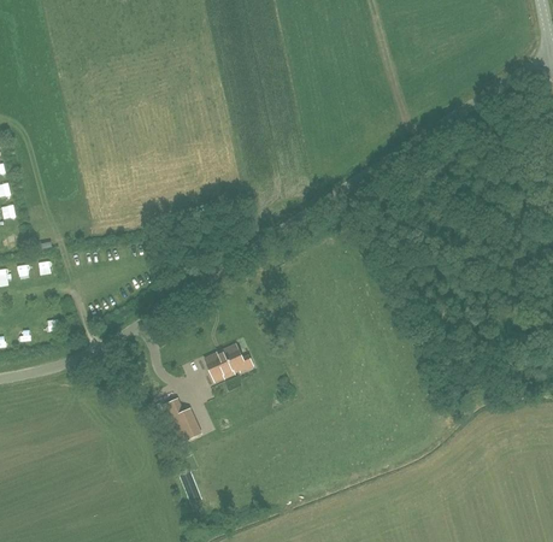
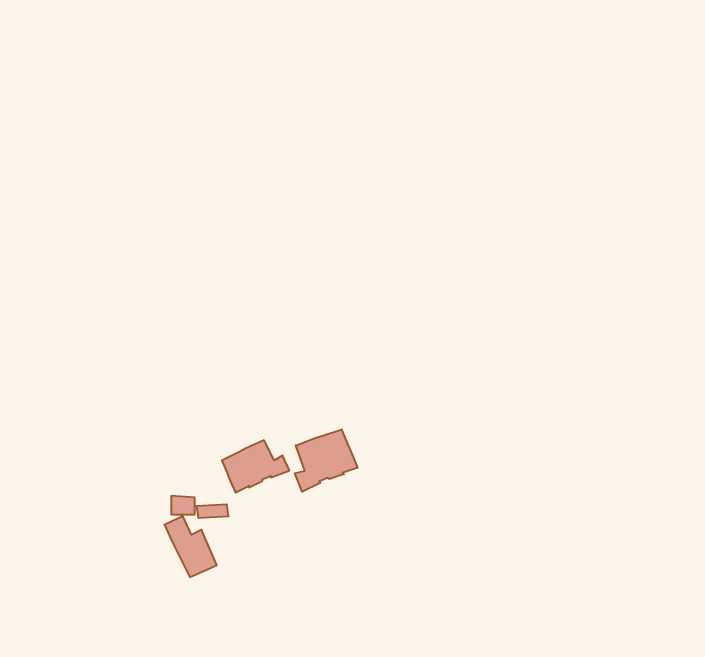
building: none -> [295,429,357,492]

